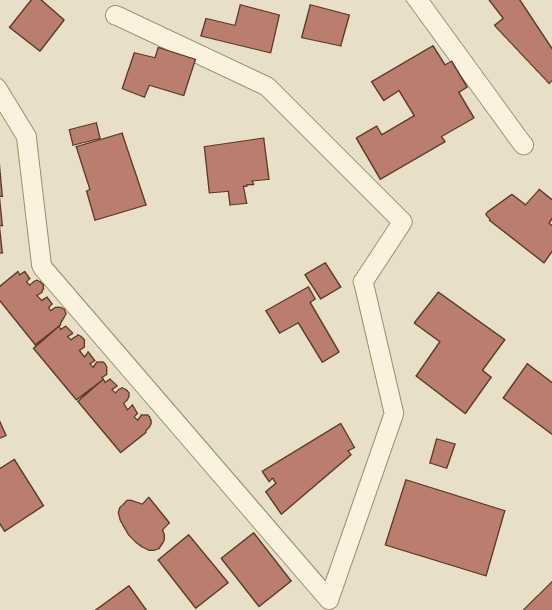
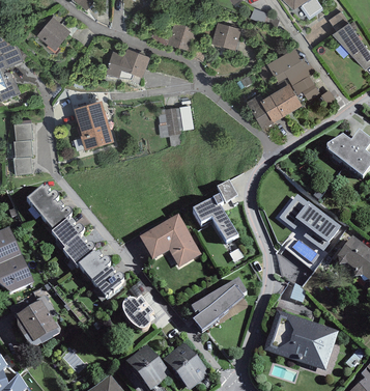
building: none -> [142,217,204,271]
building: [118,497,169,550] -> [121,296,152,328]

